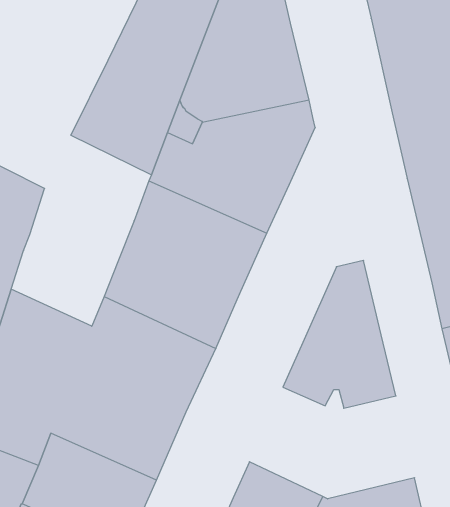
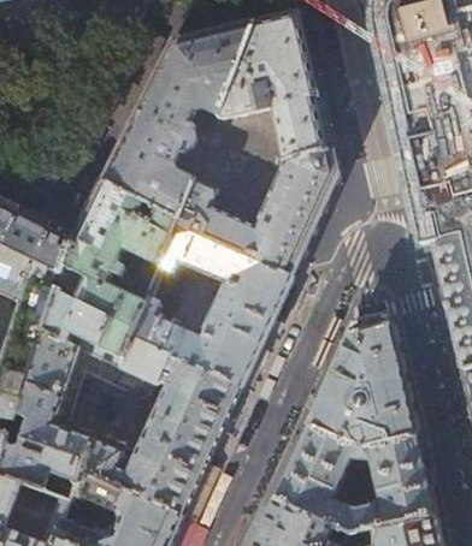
building: none -> [41,182,177,367]
building: none -> [272,426,432,534]

